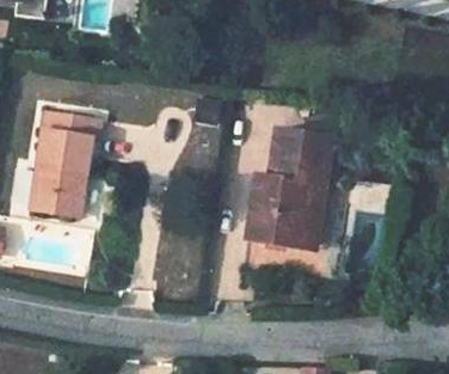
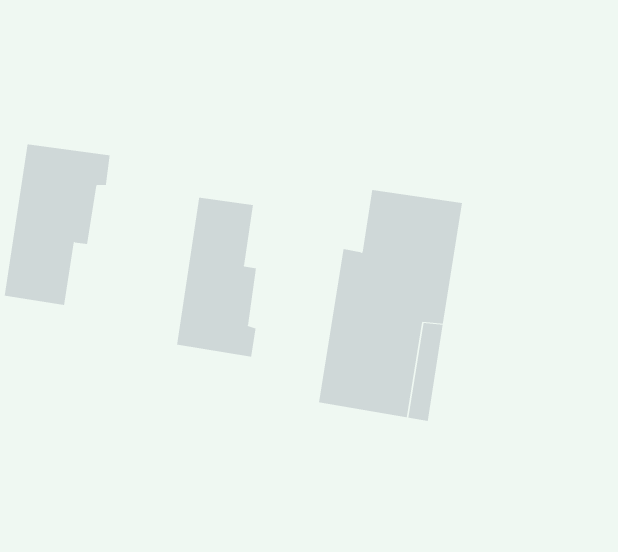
building: none -> [177,197,256,358]

